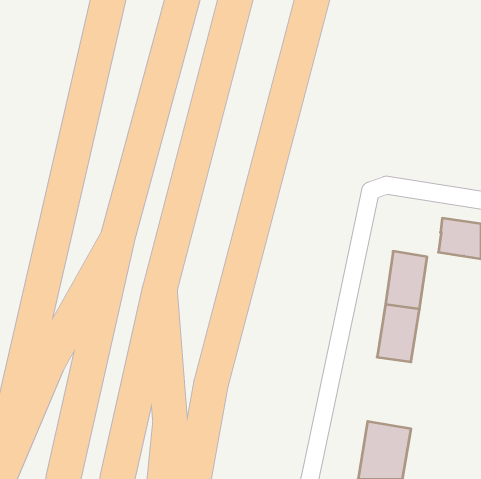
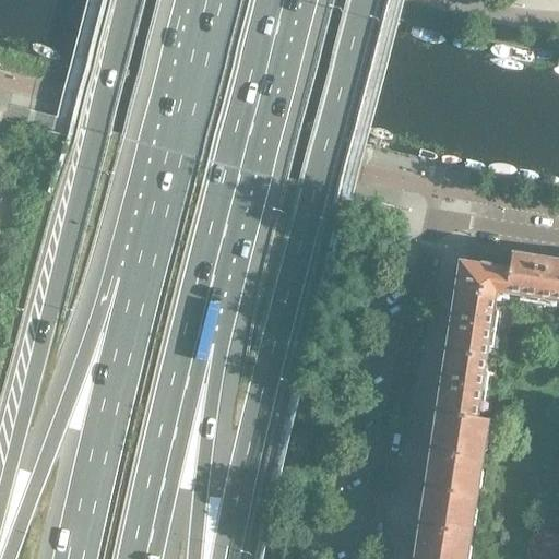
building: none -> [454,261,510,297]
building: none -> [425,413,487,496]

